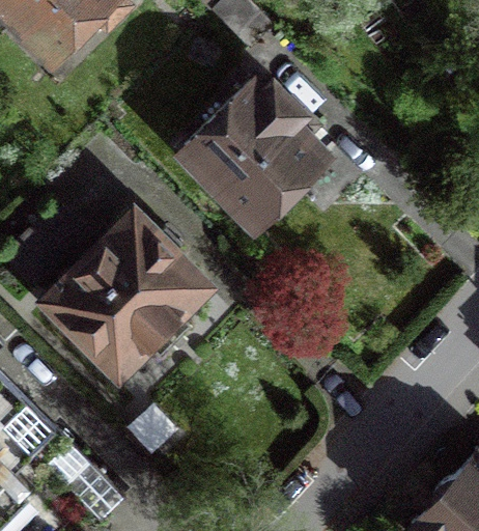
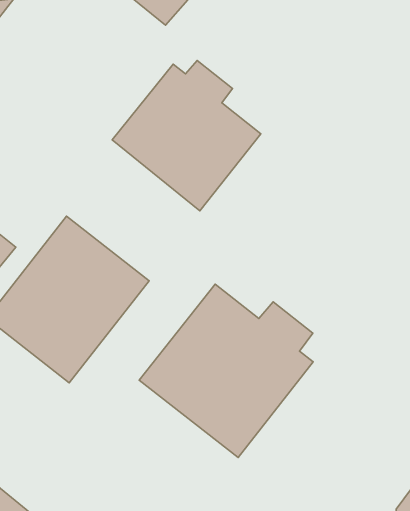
building: none -> [139,284,313,458]

